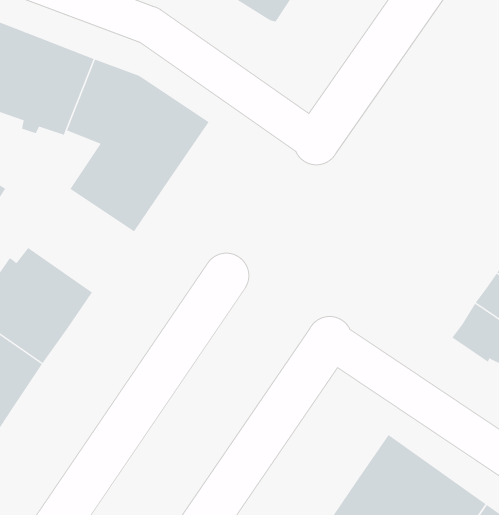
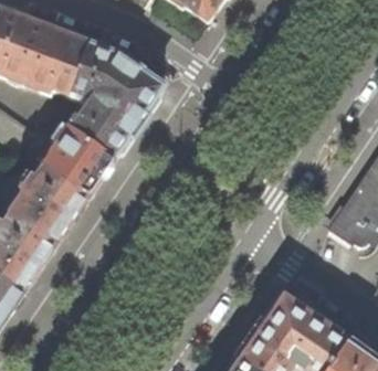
building: none -> [43,125,115,195]

